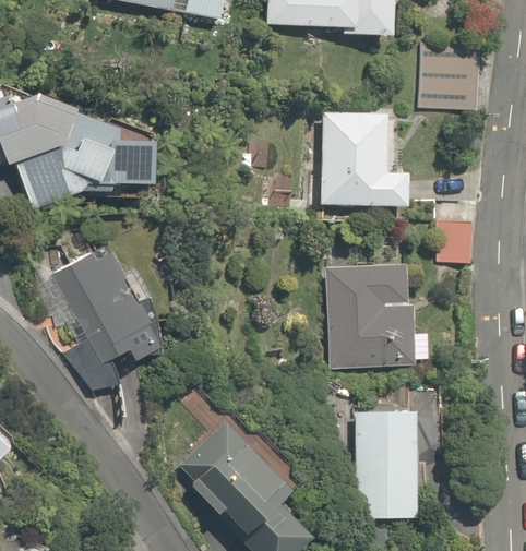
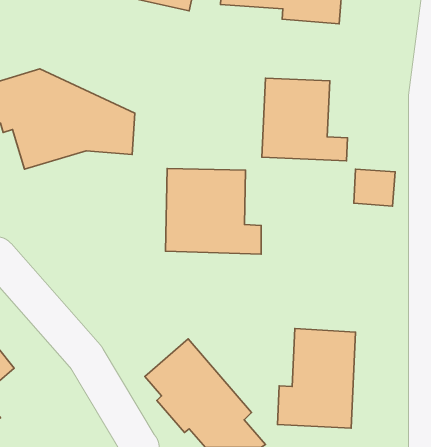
building: [411,35,478,110] -> none
building: [48,235,176,399] -> none
building: [320,264,433,366] -> [165,168,261,254]

